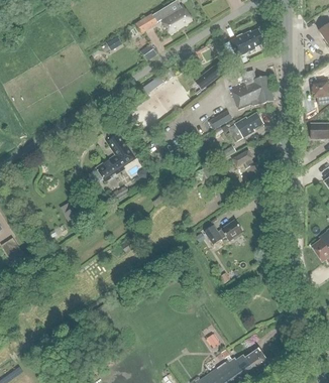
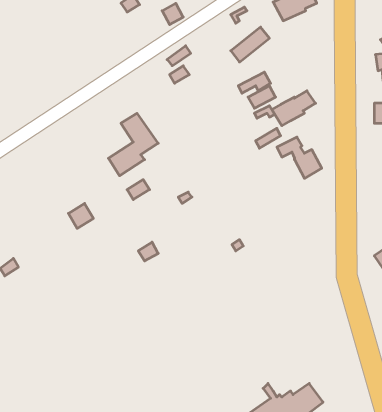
building: [230,71,273,110] -> none
building: [204,220,242,244] -> none

